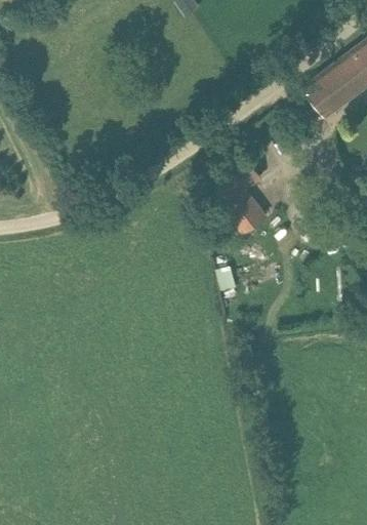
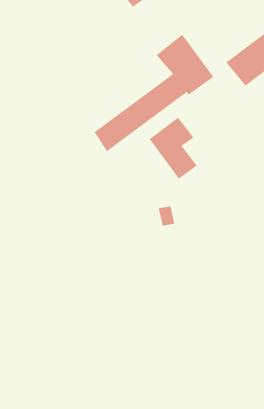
building: none -> [94,34,214,152]

